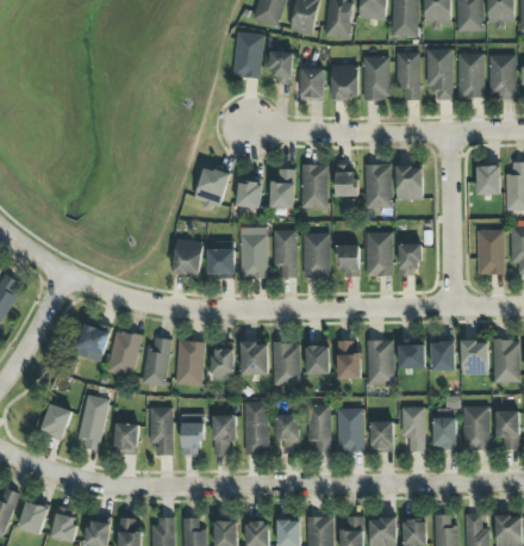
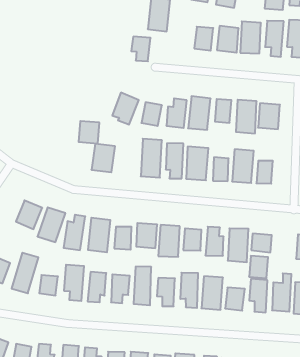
building: [268,51,293,83] -> [131,37,151,61]
building: [208,249,235,278] -> [79,121,99,143]
building: [431,341,455,370] -> [249,256,268,278]

